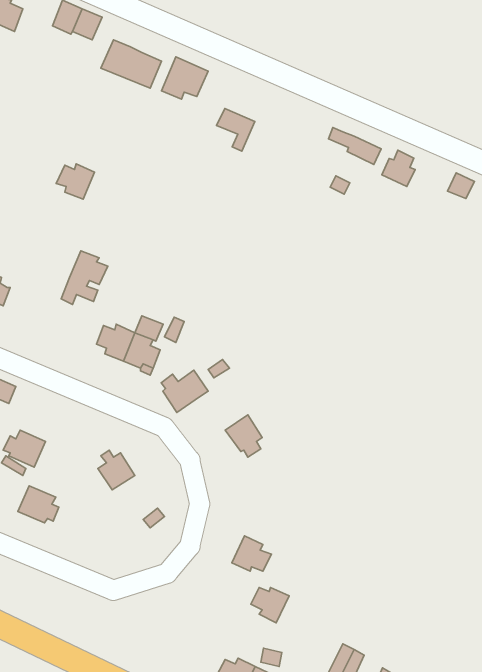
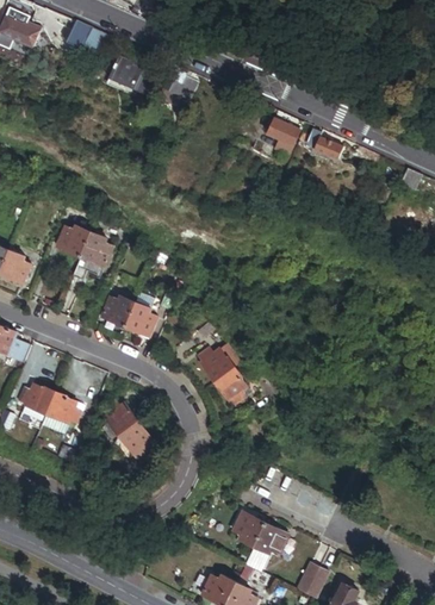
building: [216,109,255,151] -> [266,119,298,155]
building: [382,150,415,187] -> none
building: [56,164,94,199] -> [57,225,89,255]
building: [161,370,208,412] -> [198,348,237,383]
building: none -> [116,422,150,454]
building: [18,486,59,523] -> [50,393,85,424]
building: [232,536,271,571] -> [254,523,287,553]

